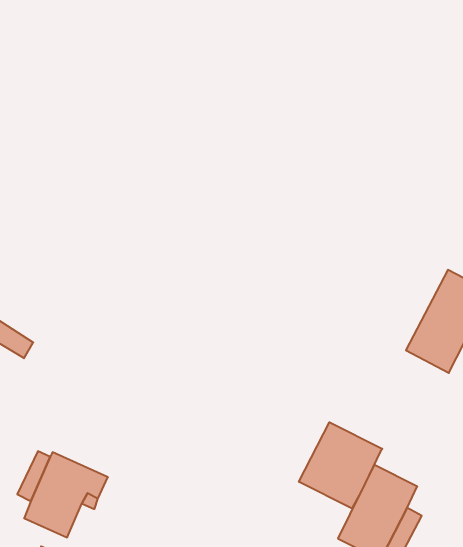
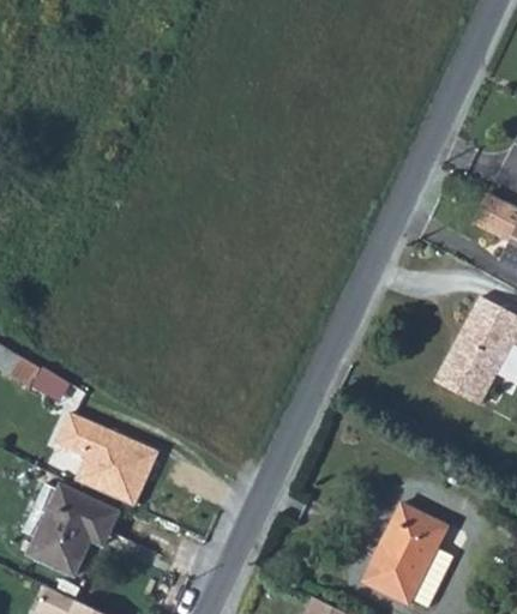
building: none -> [62,413,164,510]
building: [299,422,382,508] -> none

